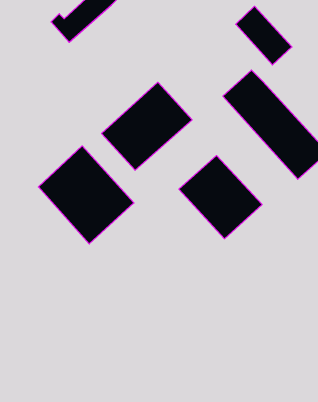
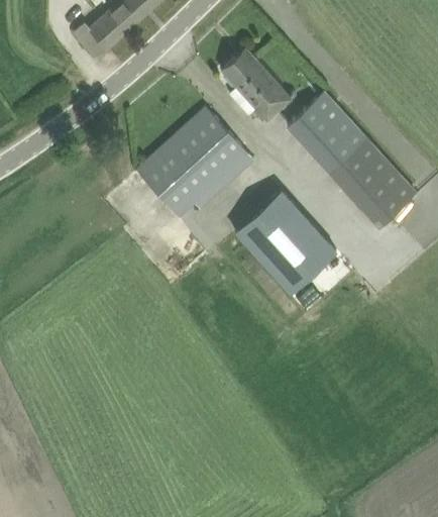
building: [236,6,292,65] -> [221,46,291,119]
building: [38,146,134,244] -> none

